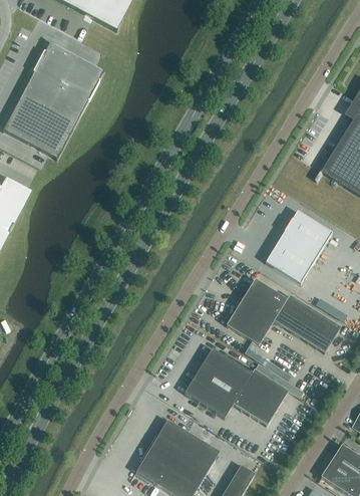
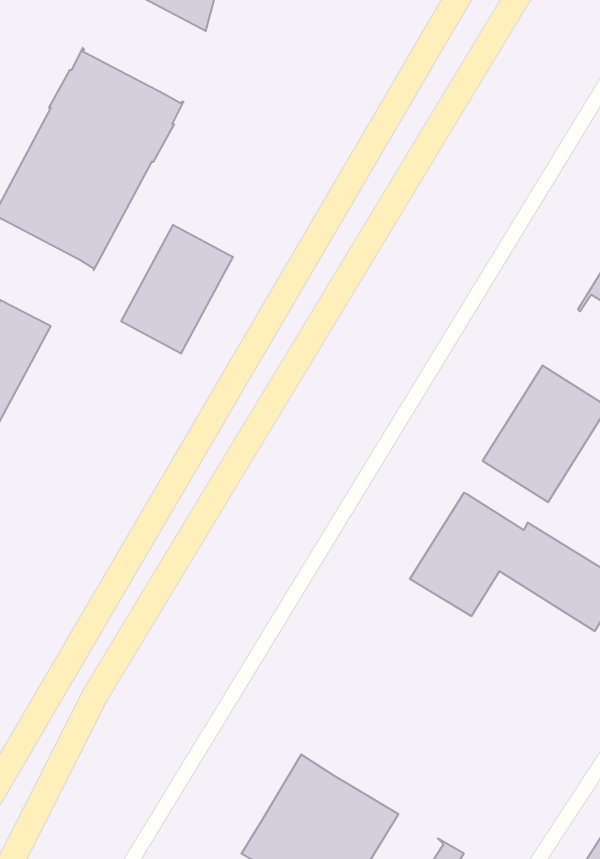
building: none -> [121,225,233,354]
building: [184,347,303,425] -> none

